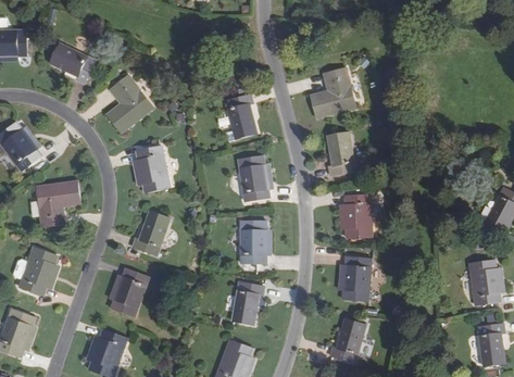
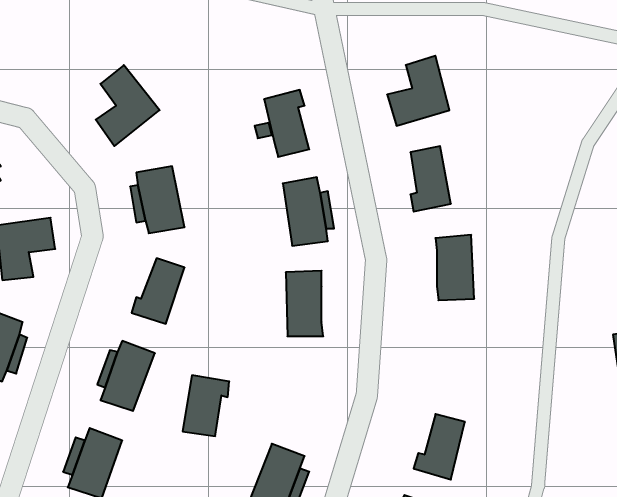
building: [48,42,96,83] -> none
building: [342,256,372,302] -> none
building: [231,281,264,324] -> [183,375,229,436]

